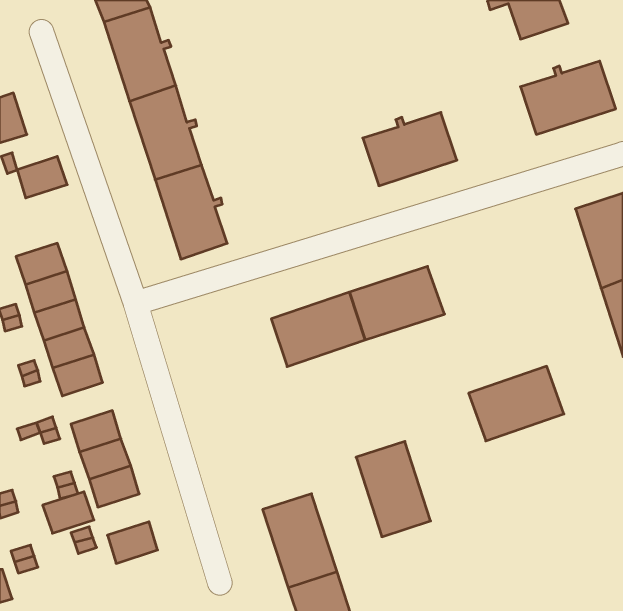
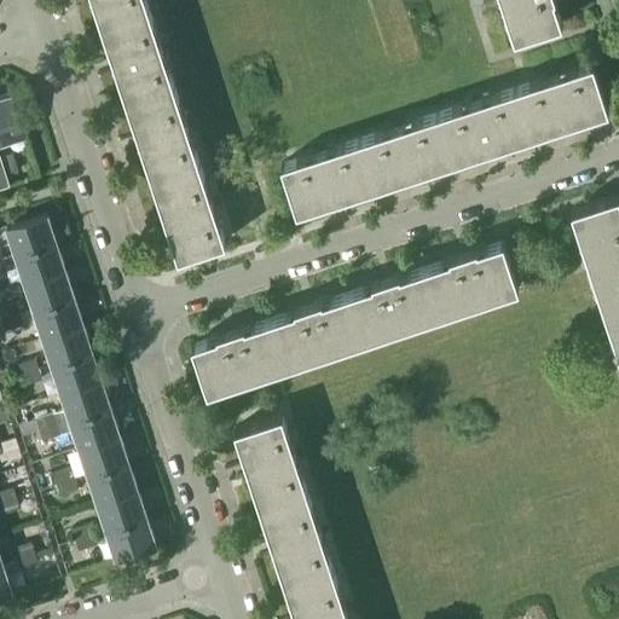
building: none -> [436,99,531,172]
building: none -> [280,150,375,222]
building: [17,156,67,198] -> [7,226,57,267]
building: none -> [190,329,284,401]
building: [469,366,564,441] -> [423,250,517,324]
building: none -> [62,392,111,433]
building: [356,441,431,537] -> [235,423,308,517]
building: [43,492,94,533] -> [97,502,147,543]

